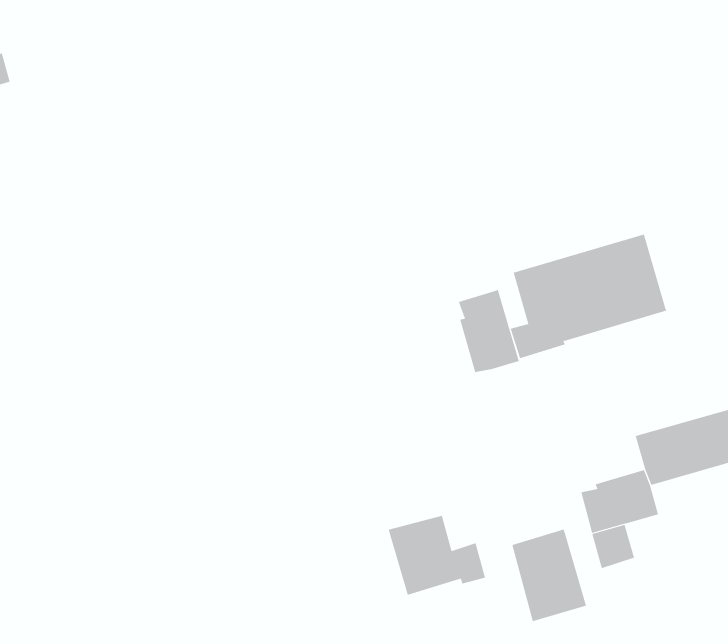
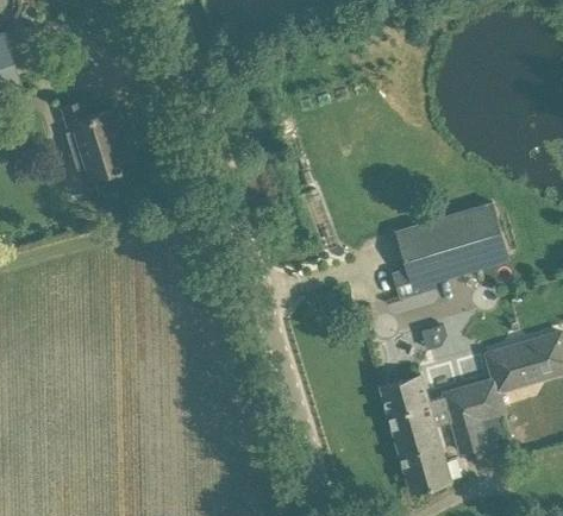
building: none -> [62,100,132,180]
building: [458,289,519,373] -> none
building: [388,515,486,595] -> [381,375,453,434]

